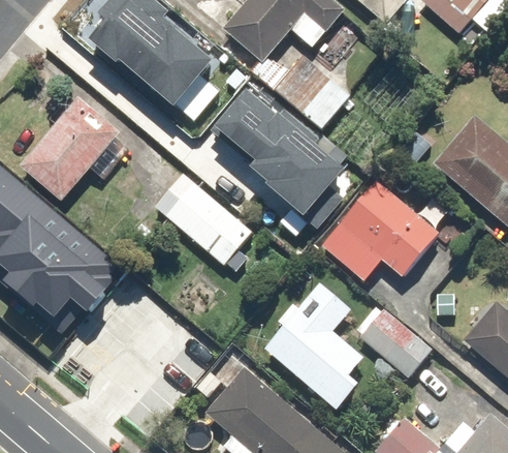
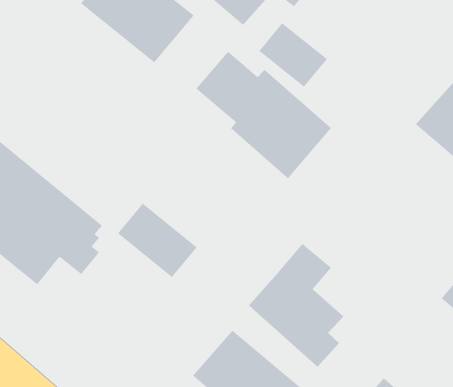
building: [21,97,120,201] -> none
building: [321,180,438,282] -> none
building: [168,188,250,265] -> [117,203,198,278]
building: [358,309,430,376] -> none

